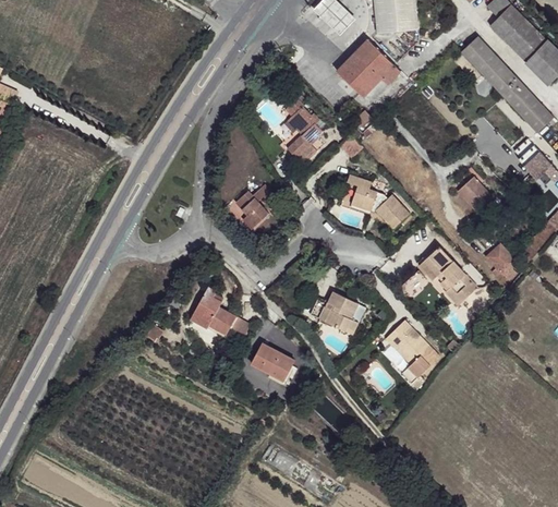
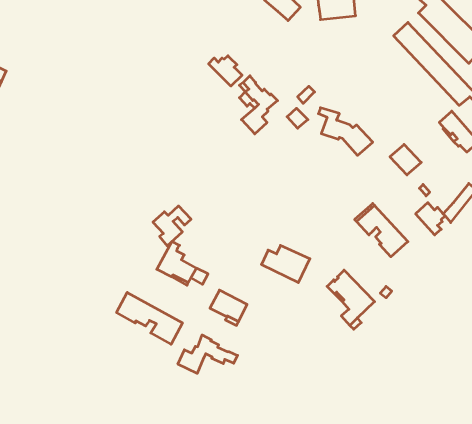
building: [336,39,400,98] -> none
building: none -> [209,56,242,86]
building: [348,176,410,230] -> [318,108,373,155]
building: [234,184,278,230] -> [153,206,191,246]
building: none -> [117,292,182,344]
building: none -> [178,335,238,373]

